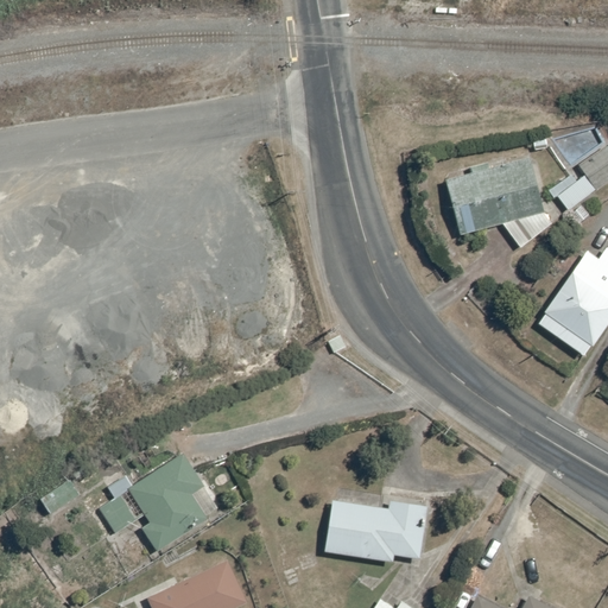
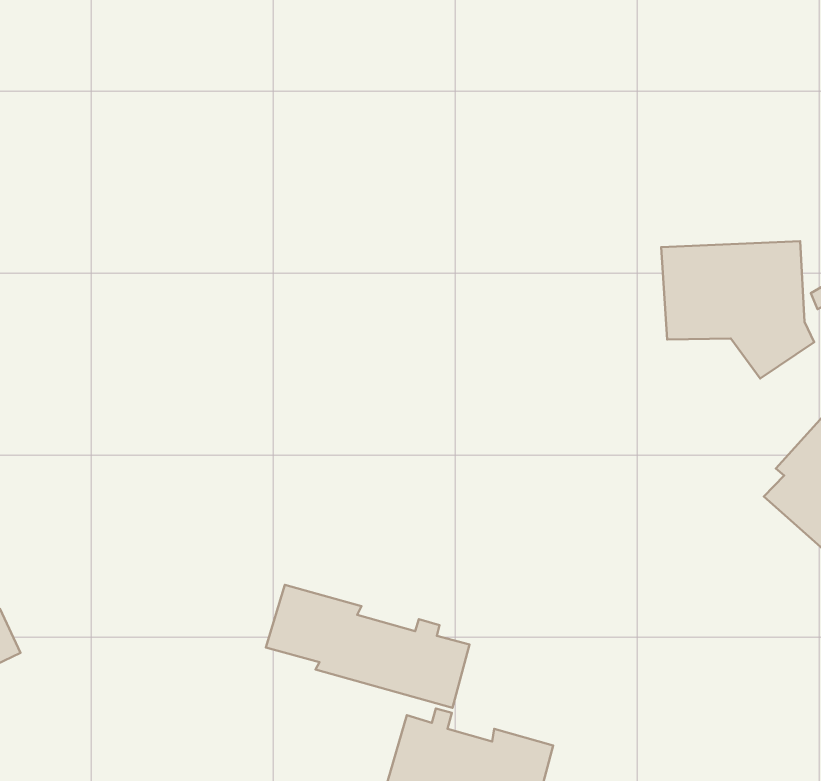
building: none -> [266,585,469,708]
building: [101,454,220,551] -> none

